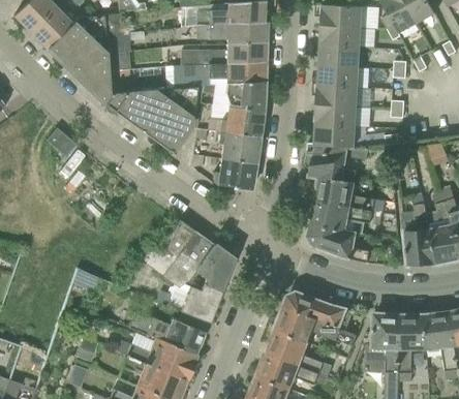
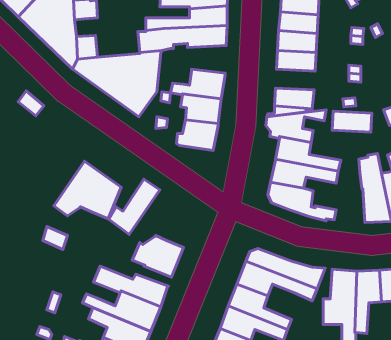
building: [196,80,265,109] -> none
building: [316,104,358,126] -> [332,111,372,132]
building: [163,231,234,290] -> [54,161,121,219]

